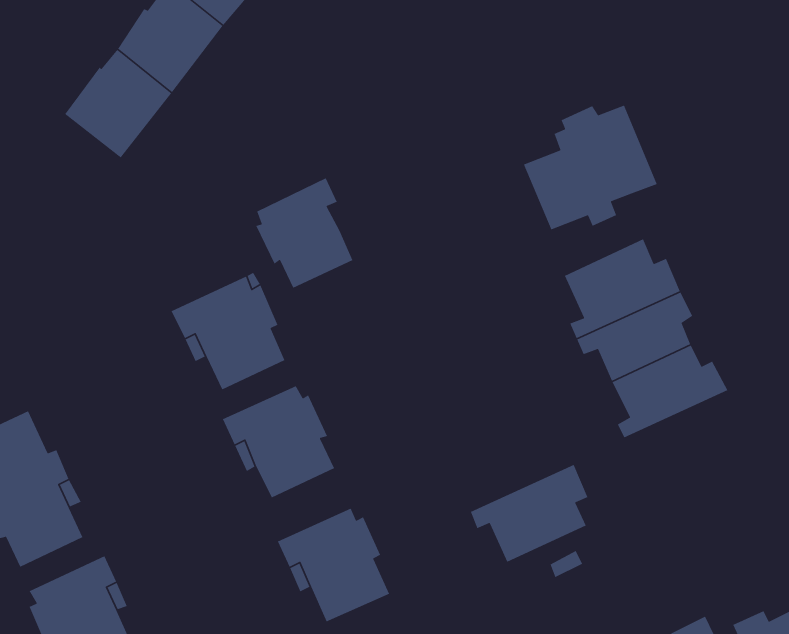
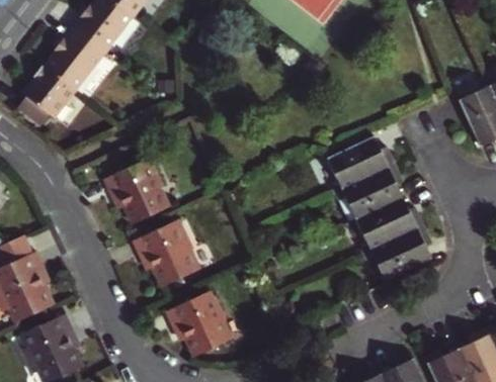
building: [523,105,658,231] -> none
building: none -> [16,66,75,126]
building: [255,177,354,289] -> none
building: [470,464,588,563] -> [362,224,430,281]

